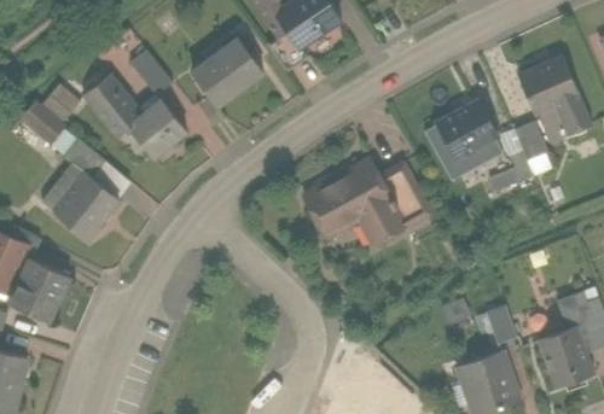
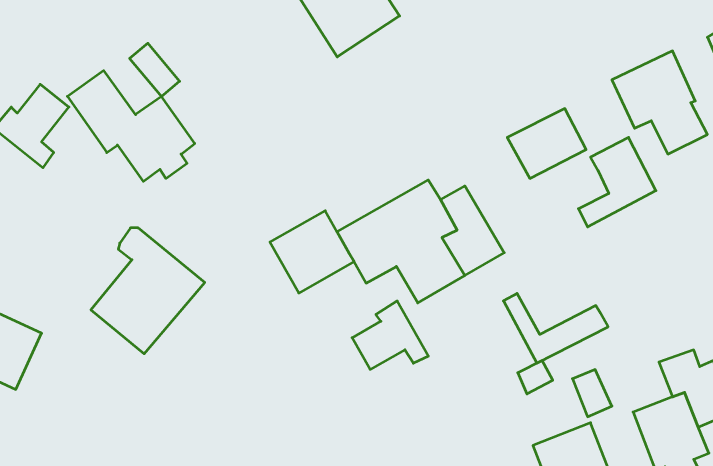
building: [191,35,269,111] -> none
building: [422,122,505,177] -> [503,293,608,363]
building: [40,134,130,234] -> [91,228,205,354]
building: none -> [270,211,354,293]
building: none -> [352,301,428,369]

